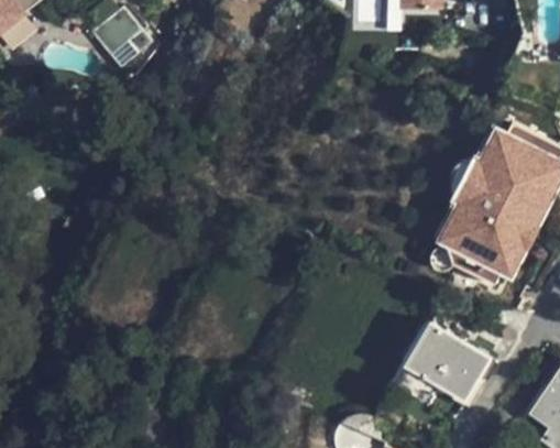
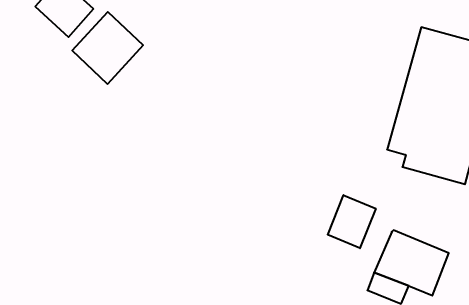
building: none -> [72,12,143,84]
building: none -> [328,195,376,248]

